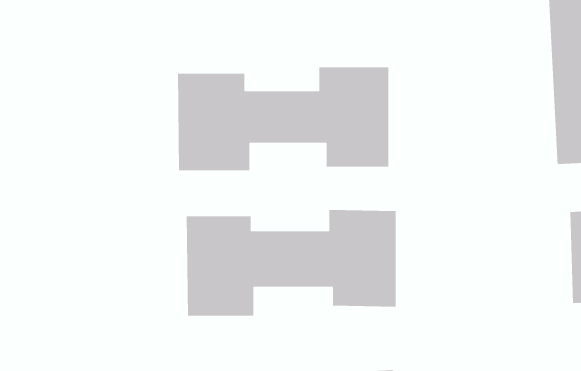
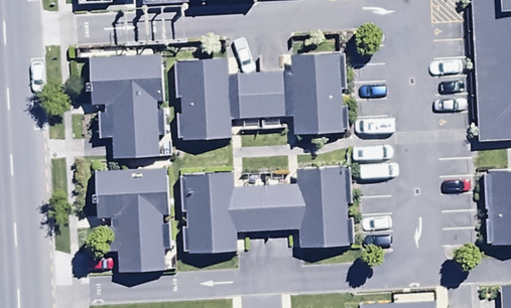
building: none -> [89,57,164,159]
building: none -> [94,170,169,274]

